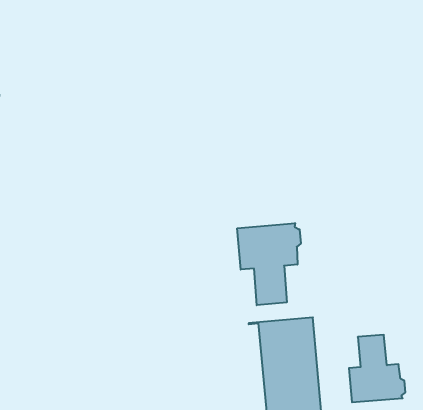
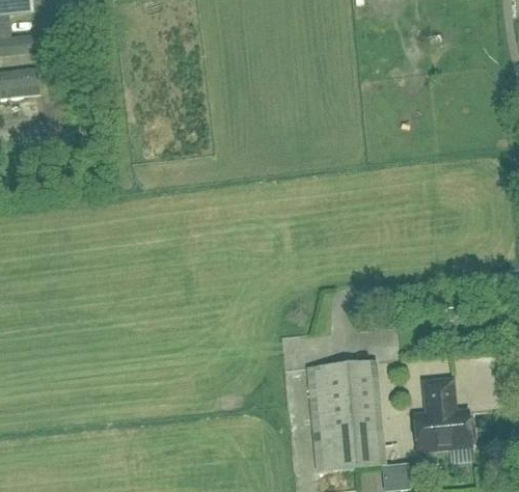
building: [237,223,301,305] -> none

